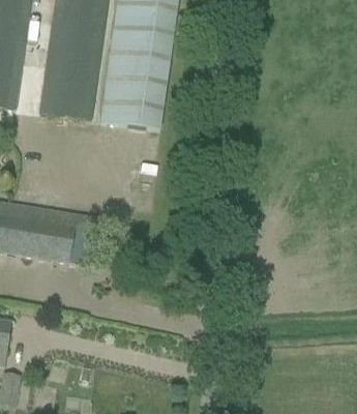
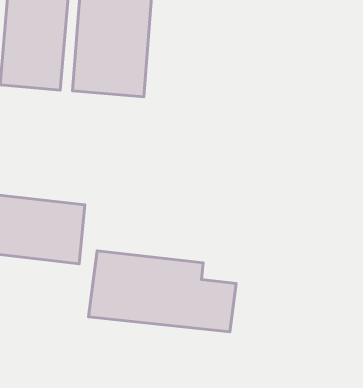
building: none -> [89,251,236,332]

